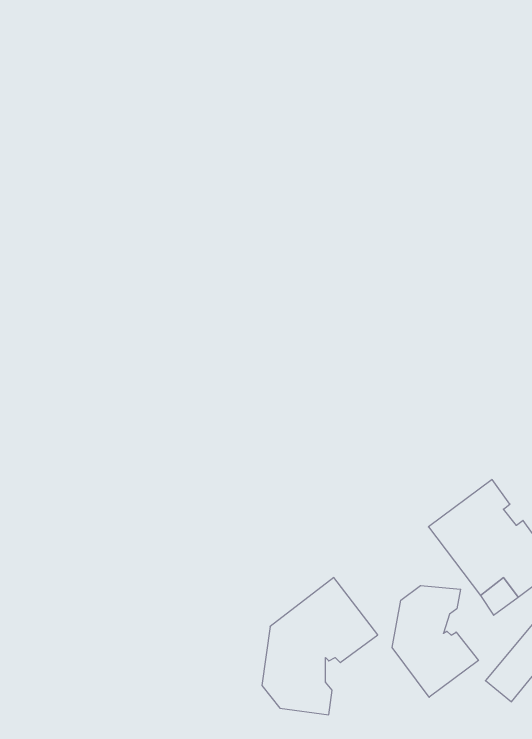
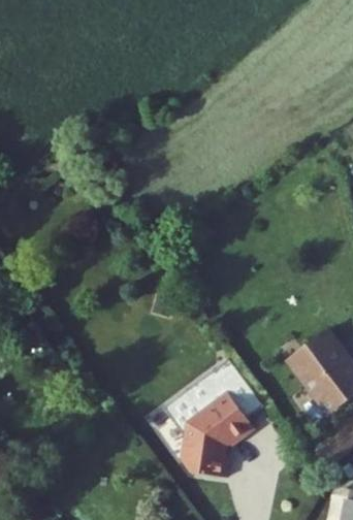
building: [392,586,478,697] -> none

